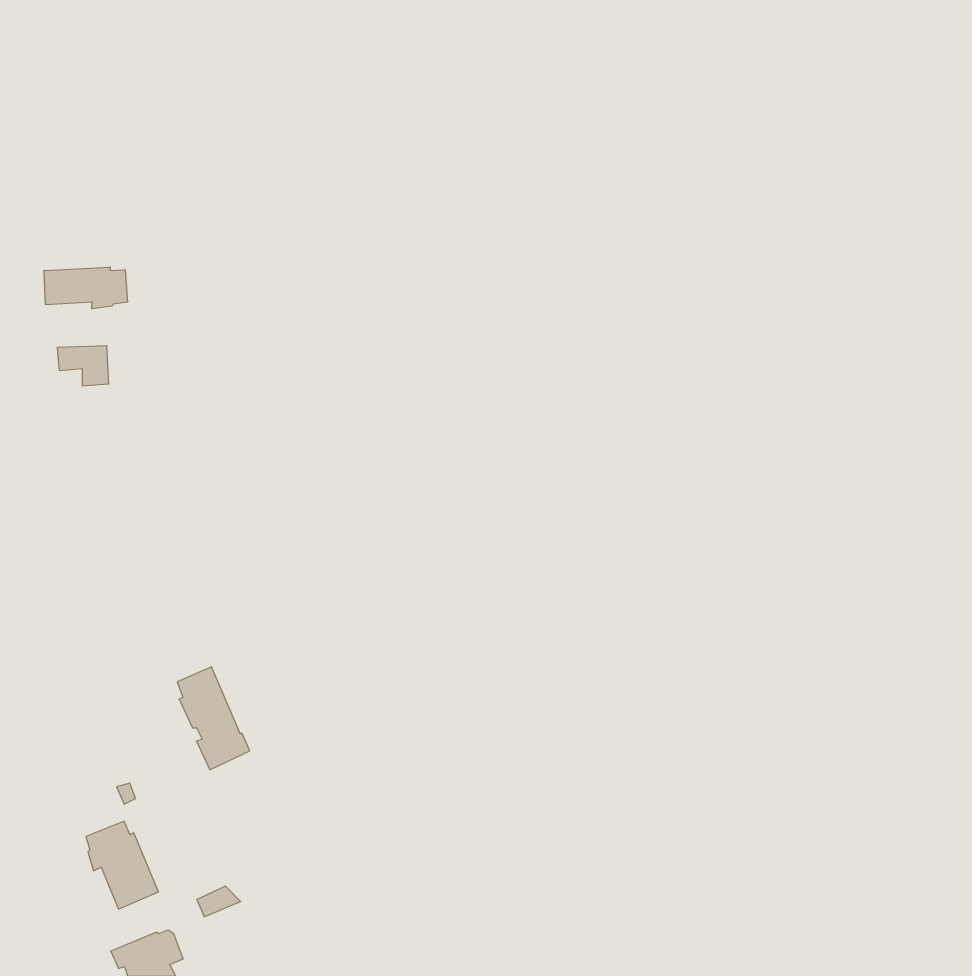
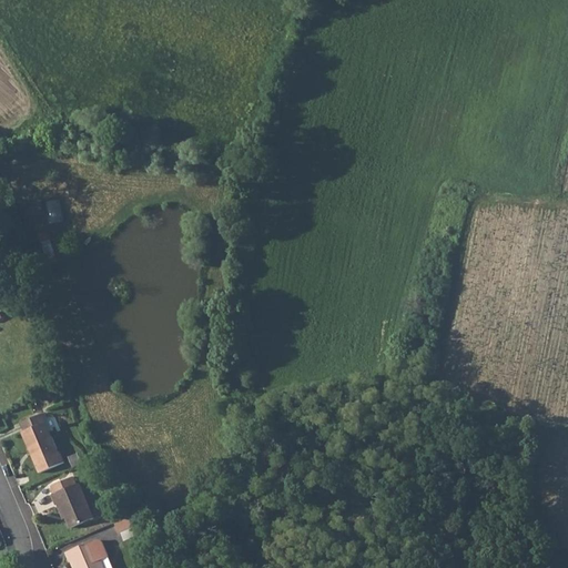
building: [44,267,127,309] -> none
building: [177,667,250,770] -> [20,414,62,474]

